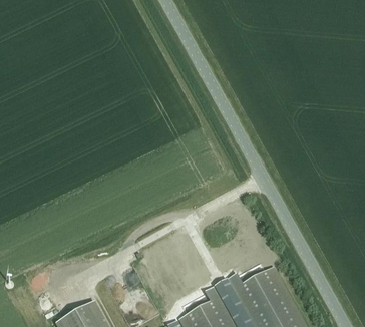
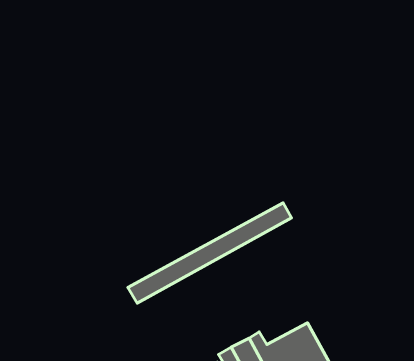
building: none -> [128,203,292,303]

